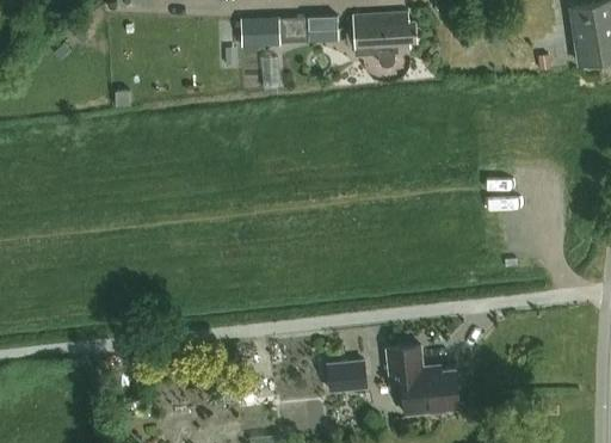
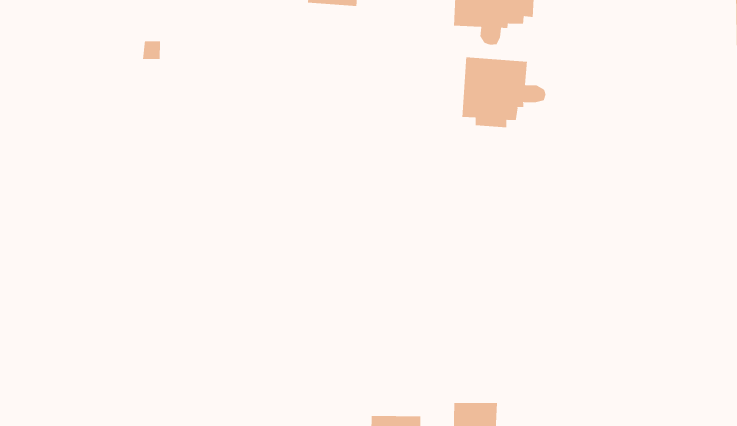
building: none -> [462,57,546,128]

